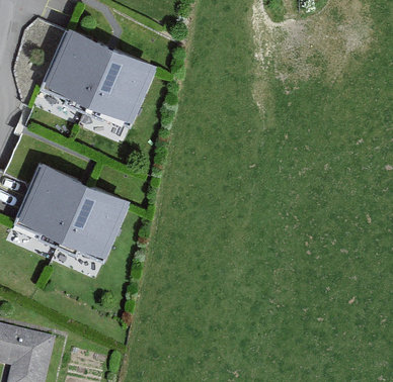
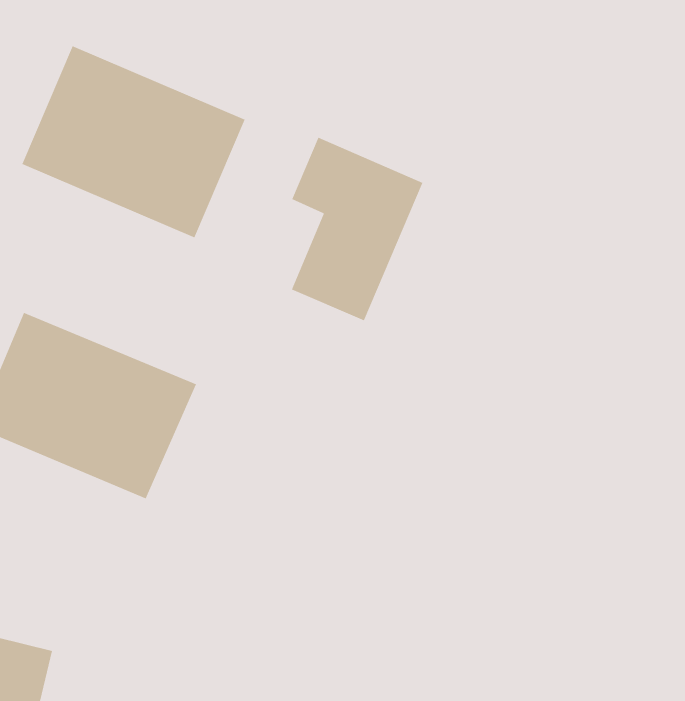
building: none -> [291,137,423,321]

